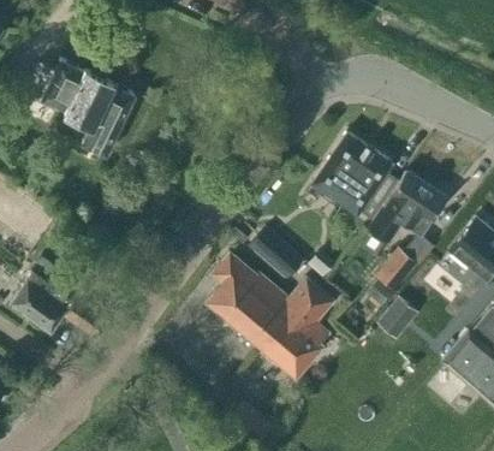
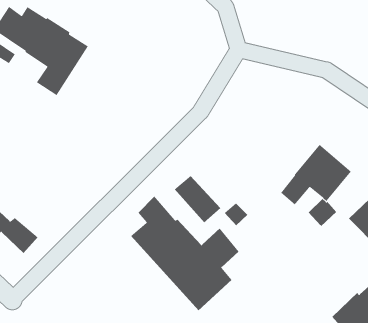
building: [311,132,395,216] -> none
building: [374,247,417,291] -> none
building: [375,296,417,339] -> none

